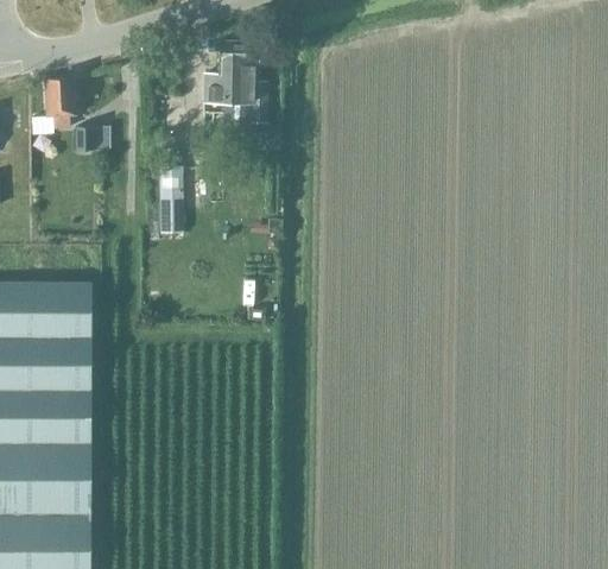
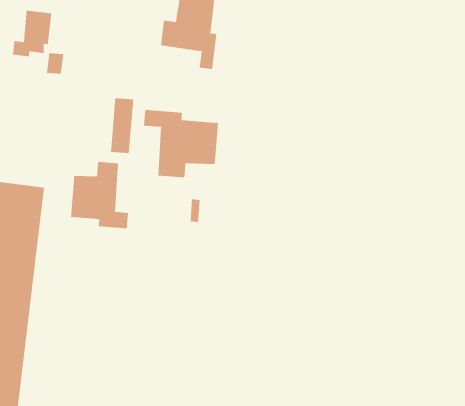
building: none -> [143,109,219,178]
building: none -> [71,161,129,229]

